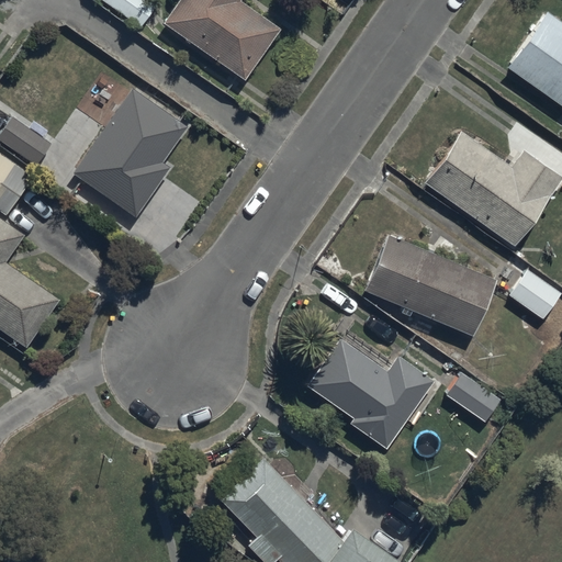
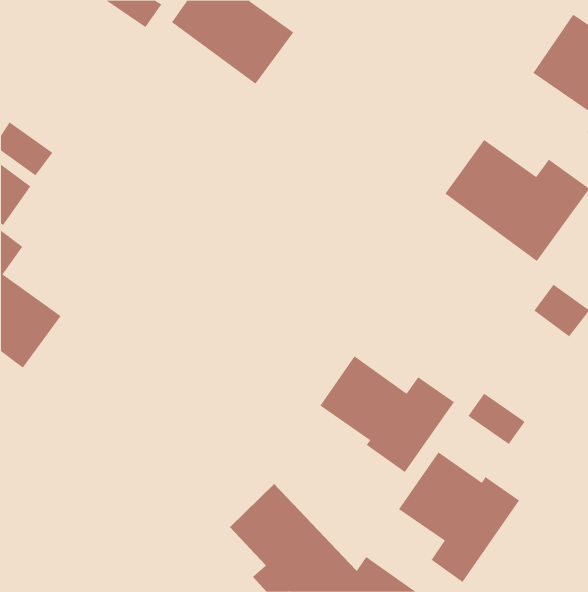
building: [68,89,178,226] -> none
building: [364,235,496,335] -> none
building: none -> [398,452,520,583]

